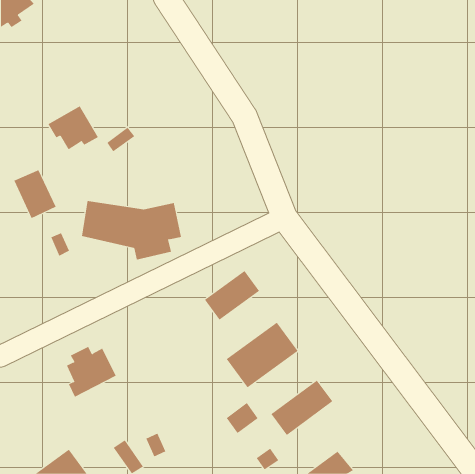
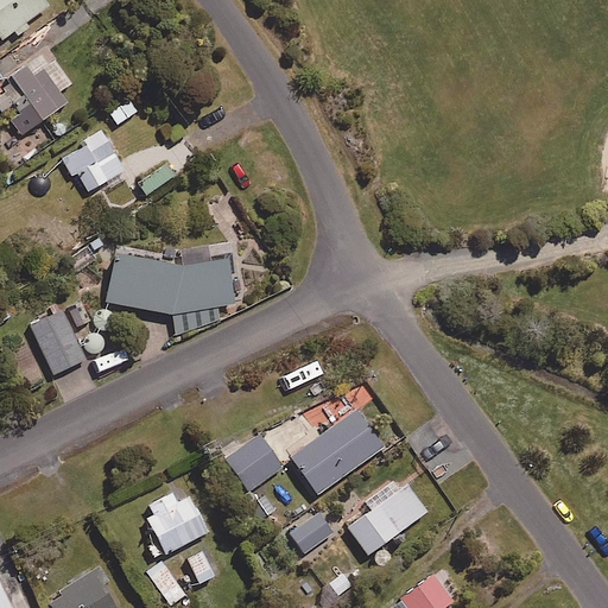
building: none -> [7,46,71,135]
building: [14,169,56,219] -> [31,310,86,373]
building: [204,270,260,320] -> none
building: none -> [224,433,281,490]
building: [66,346,117,397] -> [142,493,207,558]

